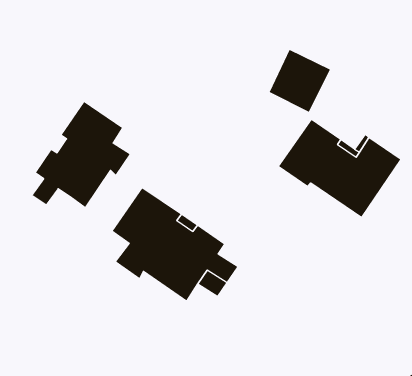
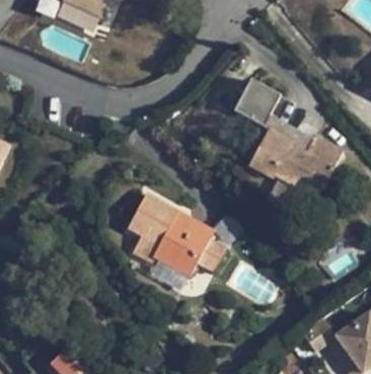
building: [32,101,130,208] -> none

